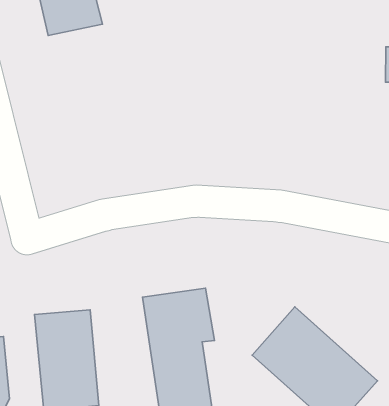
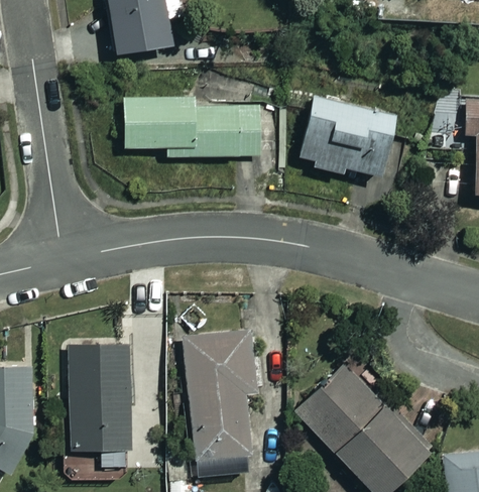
building: none -> [296,94,396,176]
building: none -> [124,98,283,157]

